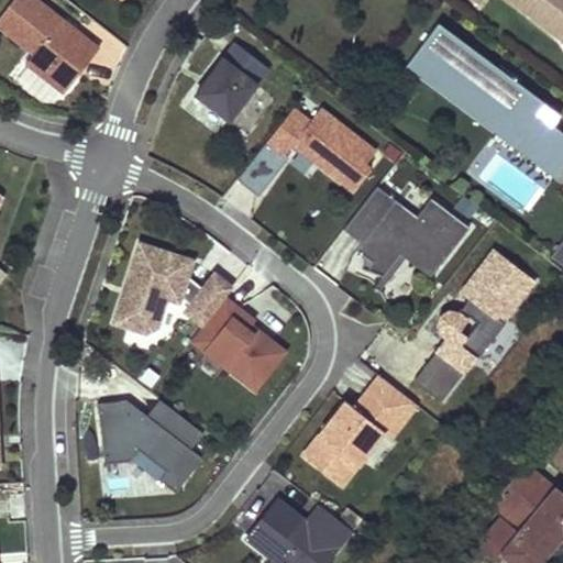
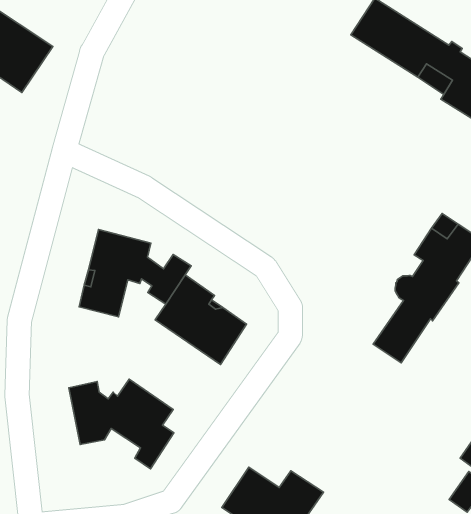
building: [201,48,274,124] -> none
building: [240,108,375,190] -> none
building: [343,186,468,278] -> none
building: [303,375,415,485] -> none

